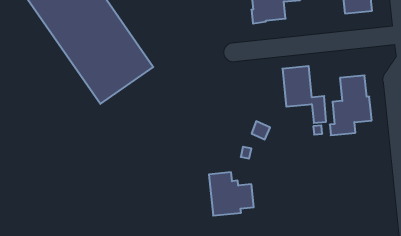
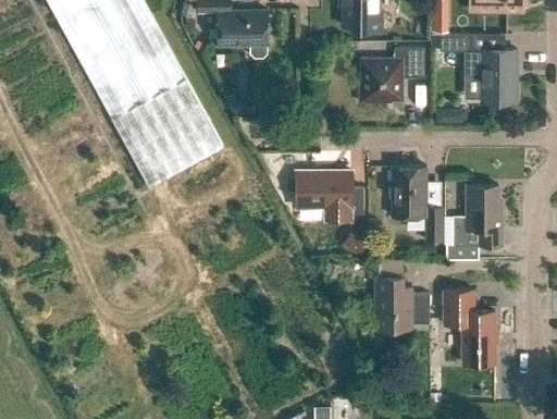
building: none -> [297,171,363,219]
building: none -> [443,289,495,363]
building: [209,172,254,216] -> [374,274,429,329]

